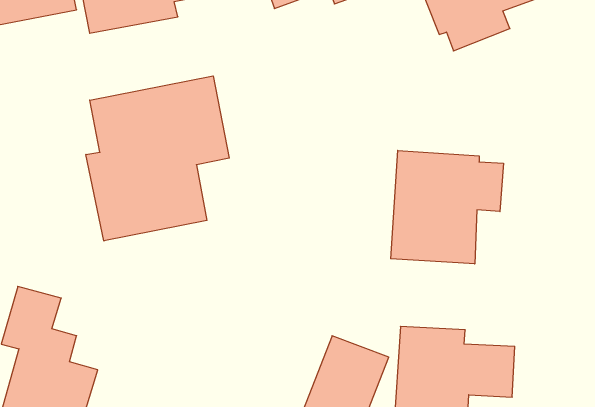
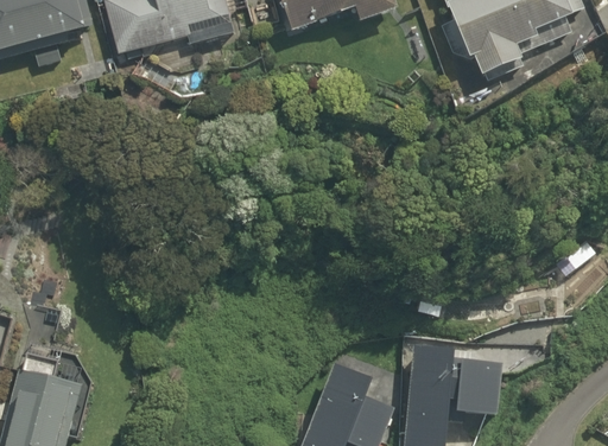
building: [86,76,229,241] -> none
building: [391,150,503,264] -> none

